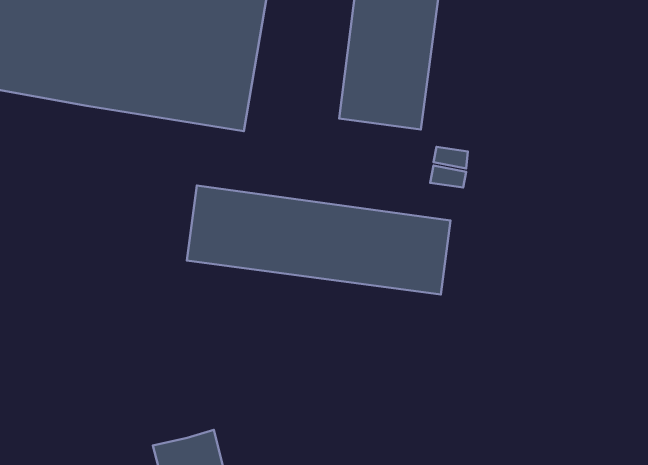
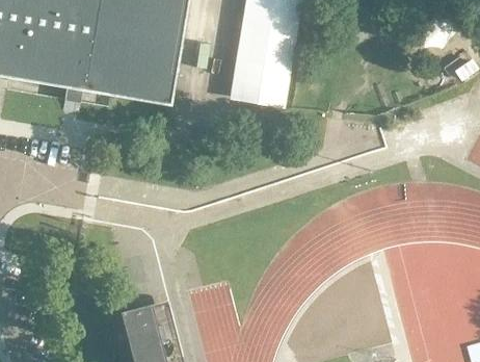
building: [187,185,451,294] -> none

